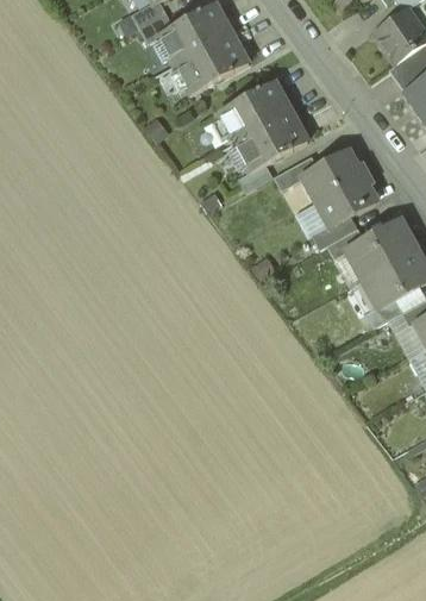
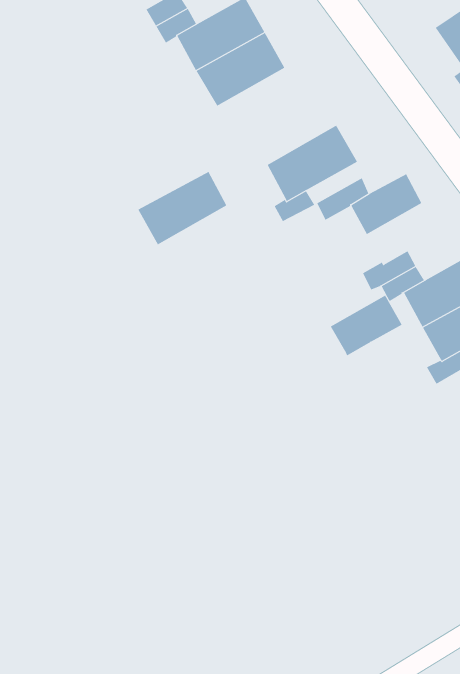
building: [215,80,290,142] -> [138,171,227,245]
building: [315,174,376,225] -> [330,295,403,356]

